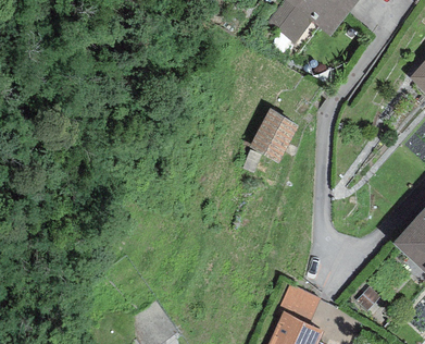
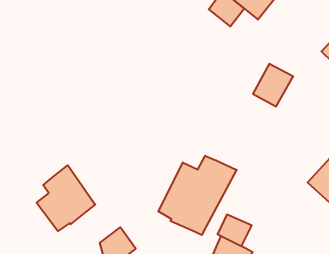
building: [249,109,300,163] -> [253,64,293,107]
building: none -> [158,156,237,235]
building: none -> [37,165,95,231]

